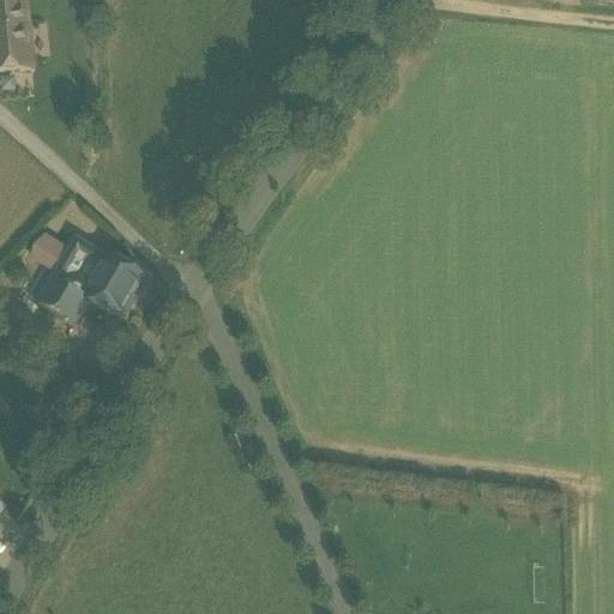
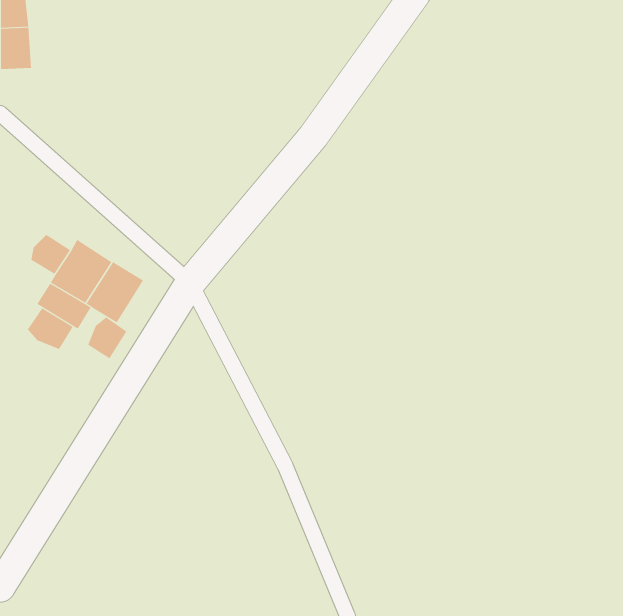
building: none -> [27,307,73,350]
building: none -> [87,316,127,359]

